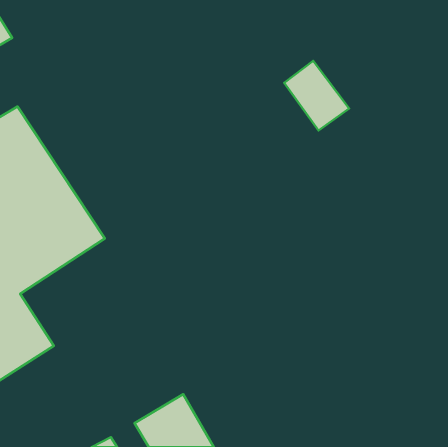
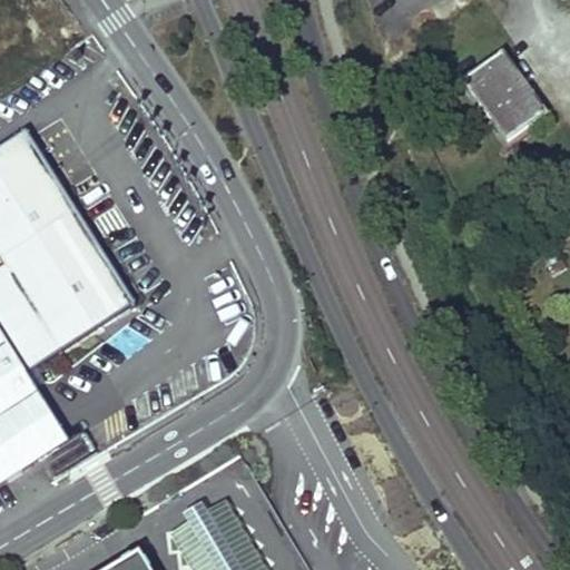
building: [284,61,349,130] -> [465,49,548,137]

